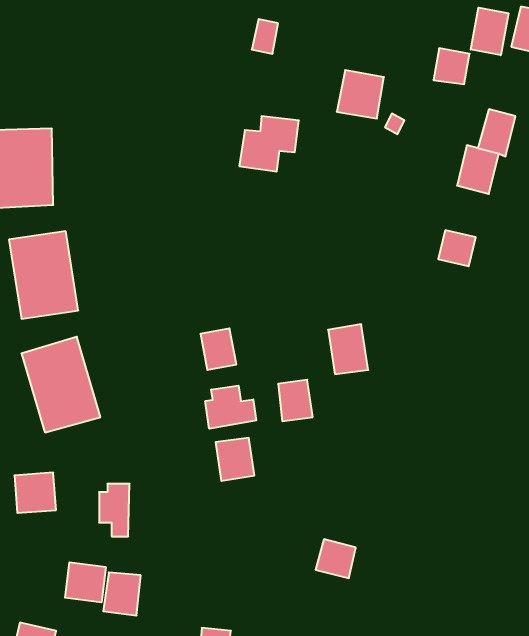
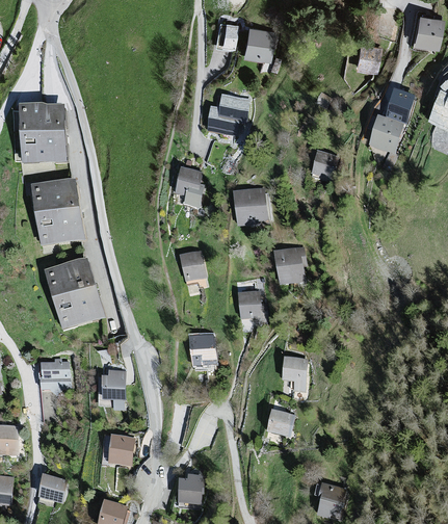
building: [471,8,508,55] -> none
building: [337,70,384,119] -> [241,23,276,59]
building: none -> [176,168,205,207]
building: [438,230,476,266] -> [312,151,340,178]
building: none -> [234,188,267,228]
building: [205,386,256,429] -> none
building: none -> [281,357,308,392]
building: [65,562,106,602] -> none

